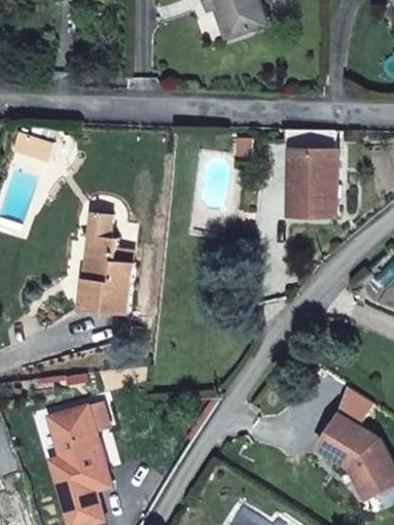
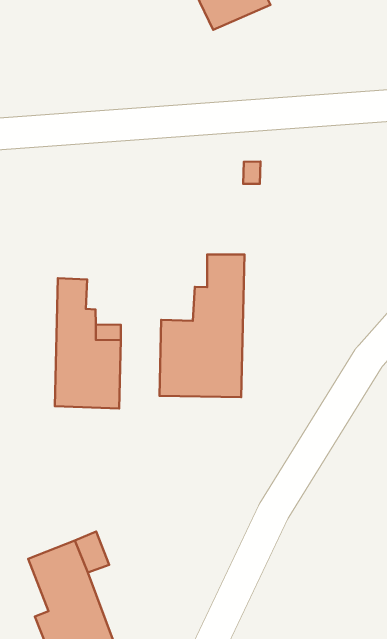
building: [288,130,333,215] -> none
building: none -> [160,254,244,397]

